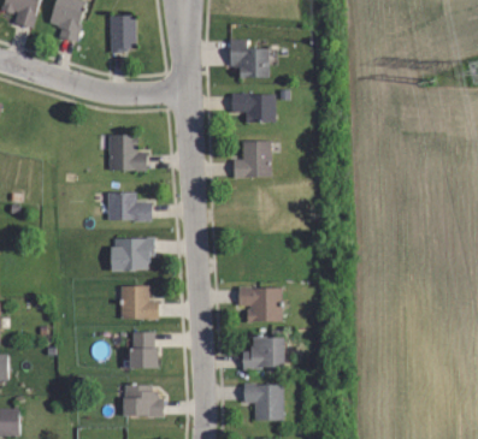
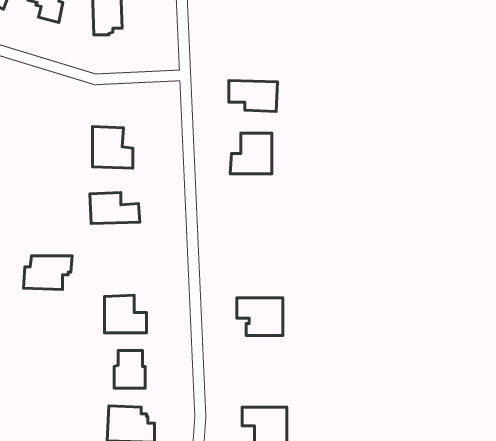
building: [231,40,270,78] -> none
building: [112,239,155,269] -> [23,256,72,290]
building: [241,337,284,370] -> none

